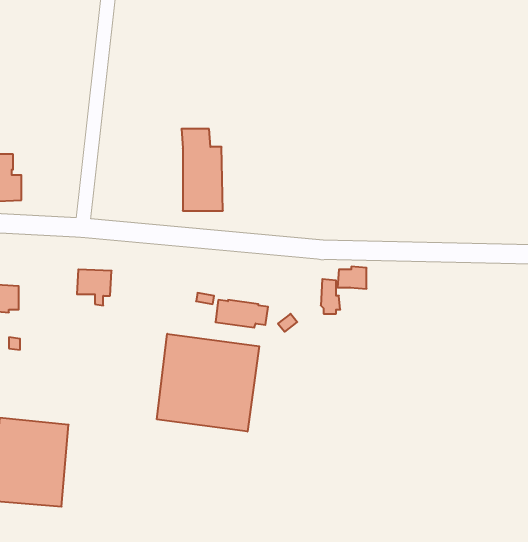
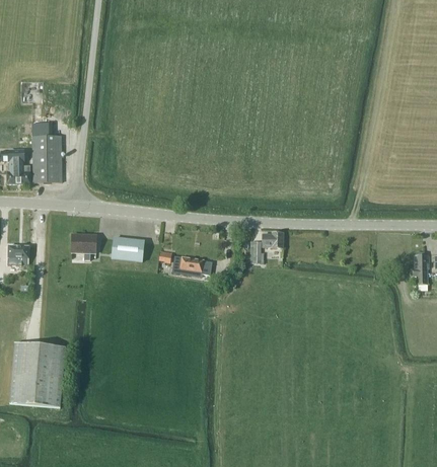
building: [181,129,223,211] -> [31,123,62,182]
building: none -> [112,238,144,261]
building: [157,334,259,432] -> none

